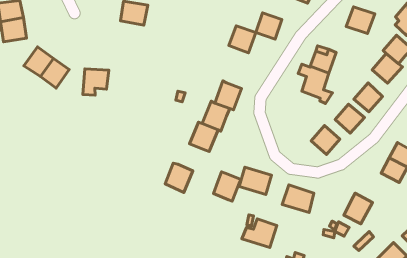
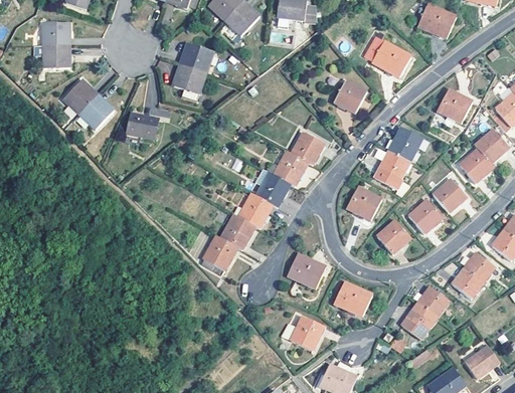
building: none -> [172,64,206,95]
building: [229,26,256,53] -> [291,133,324,166]
building: none -> [347,186,381,220]
building: [214,172,241,201] -> [220,215,254,250]
building: none -> [418,287,449,317]

